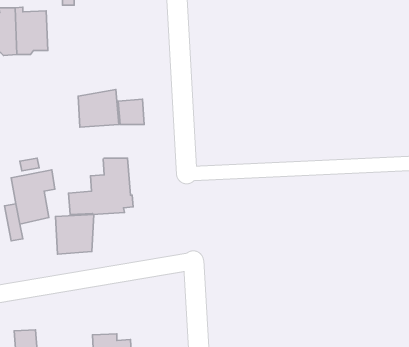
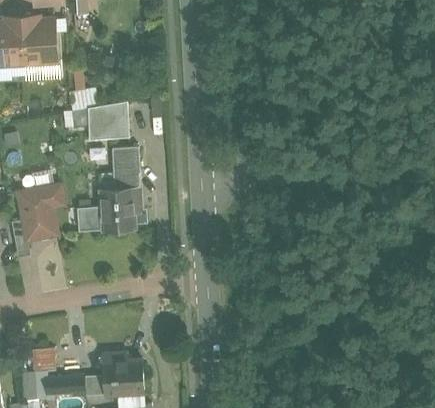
building: [118,99,144,124] -> [112,147,139,173]
building: [55,214,94,254] -> none

